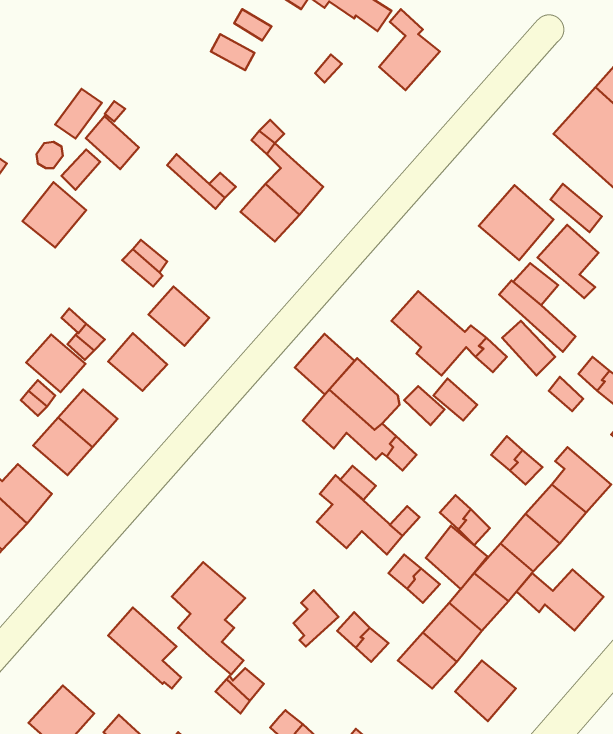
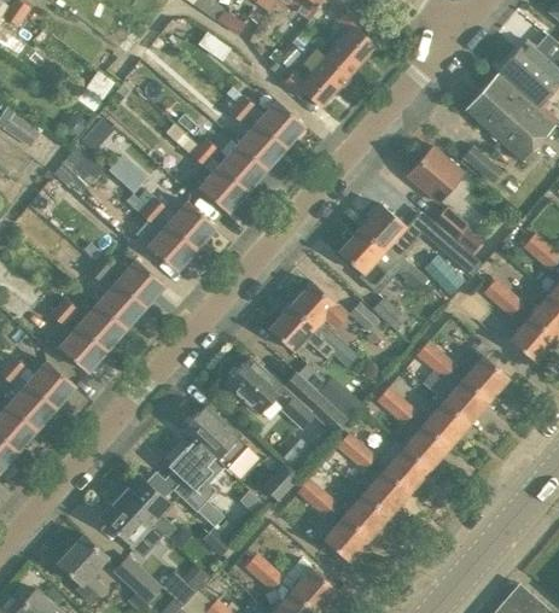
building: none -> [283,56,349,104]
building: [86,116,139,169] -> [106,153,147,194]
building: none -> [260,104,304,148]
building: none -> [202,168,248,212]
building: [538,225,598,298] -> [359,204,406,261]
building: none -> [169,204,216,250]
building: [295,334,355,394] -> none
building: [26,334,86,392] -> [99,284,145,328]
building: none -> [227,358,283,411]
building: none -> [184,407,248,468]
building: [426,526,487,589] -> none
building: [516,569,603,630] -> none
building: none -> [99,496,168,548]
building: [455,661,516,721] -> [322,515,369,562]

